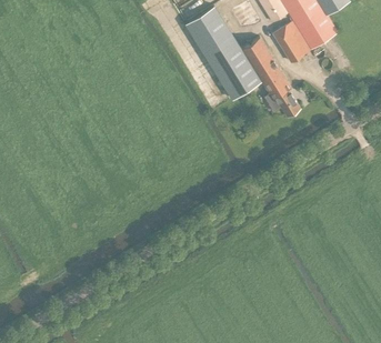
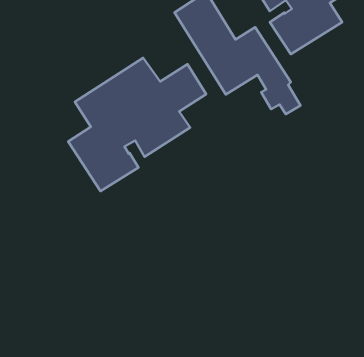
building: none -> [68,58,206,191]

